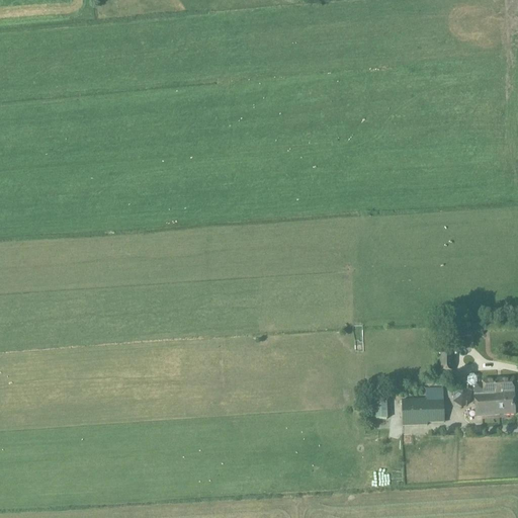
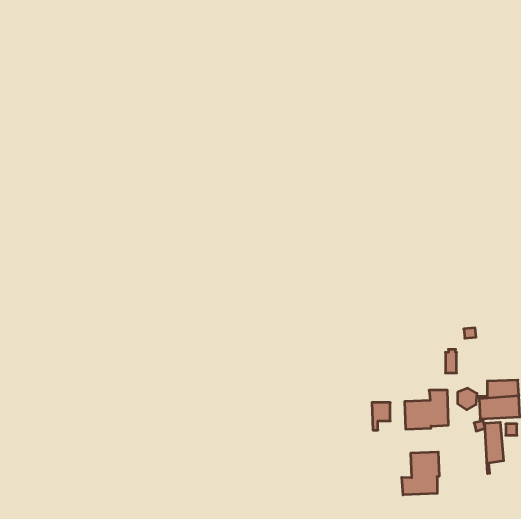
building: none -> [485,422,504,474]
building: none -> [402,452,439,495]

